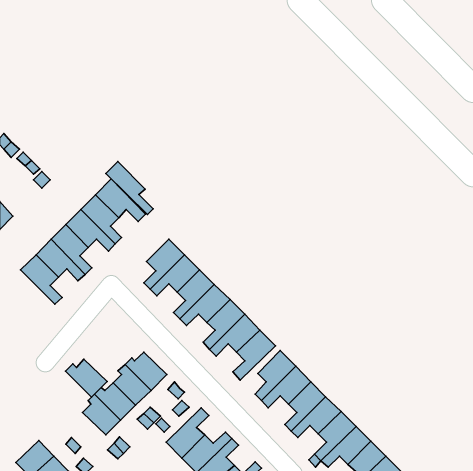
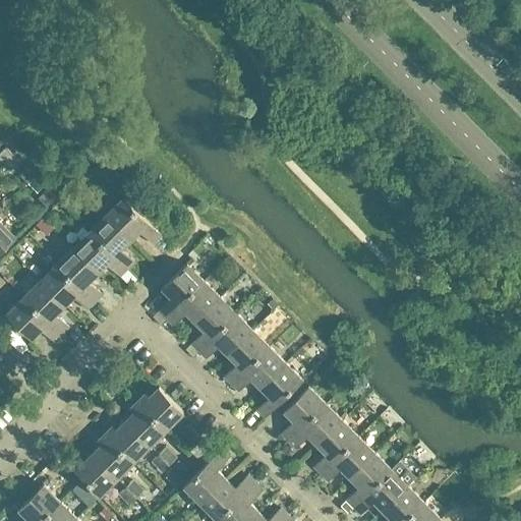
building: [106,162,153,215] -> none
building: none -> [5,299,60,344]
building: [65,359,107,397] -> [70,456,116,498]

